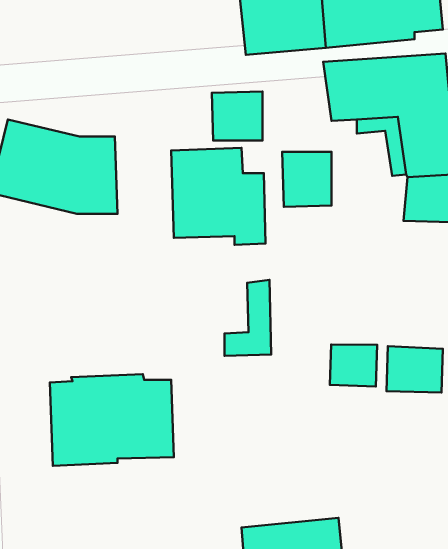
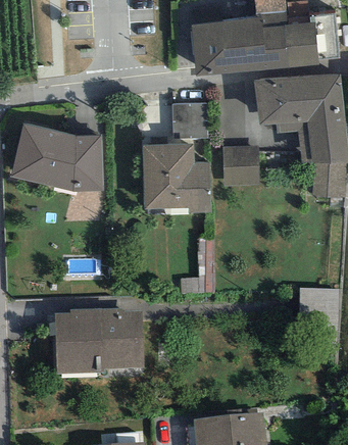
building: [330,344,377,386] -> none

